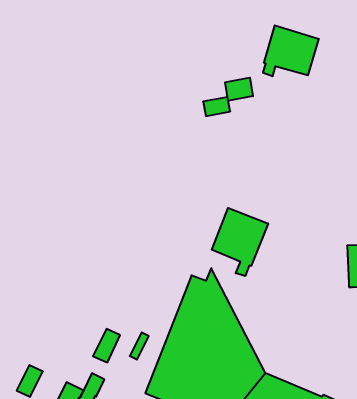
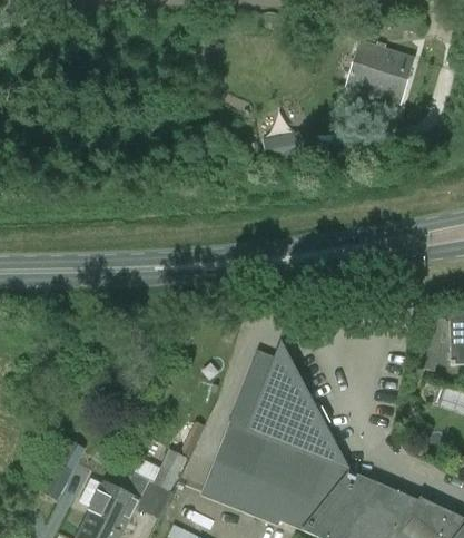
building: [225,78,253,101] -> none
building: [212,208,268,276] -> none
building: [93,329,120,362] -> [154,449,187,490]

